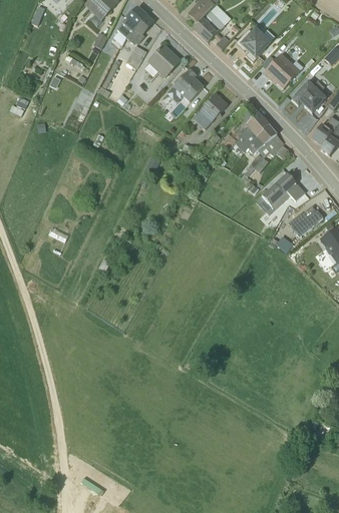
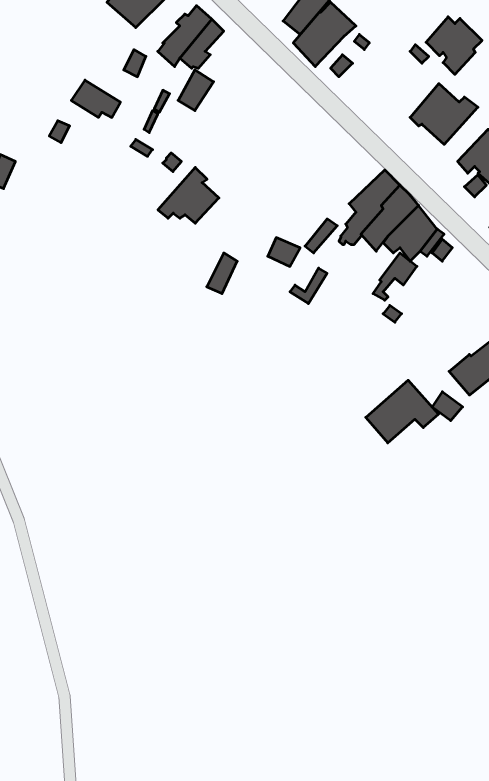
building: [236,28,269,62] -> [426,17,482,74]
building: [144,45,181,77] -> none
building: [167,68,204,101] -> [158,167,219,223]
building: [194,92,228,128] -> none
building: [262,172,305,209] -> [366,380,439,443]

